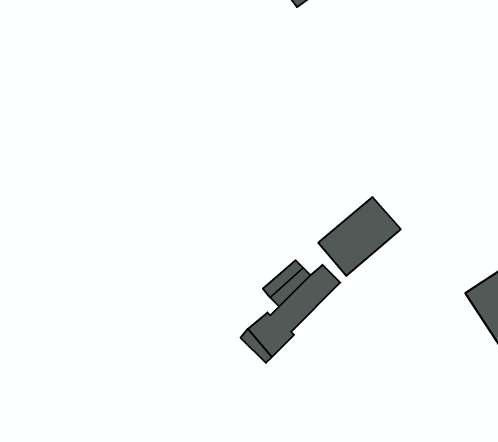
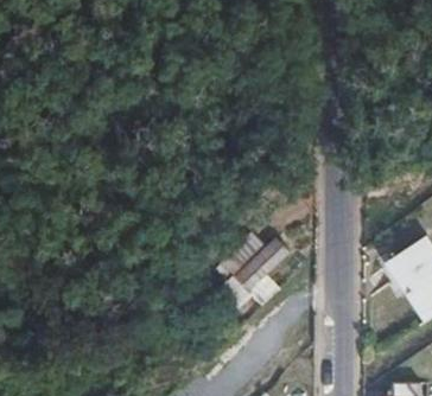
building: [318,197,401,276] -> none

